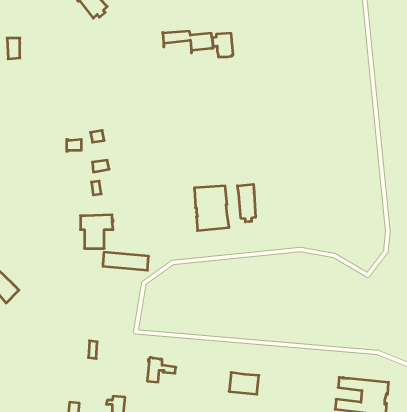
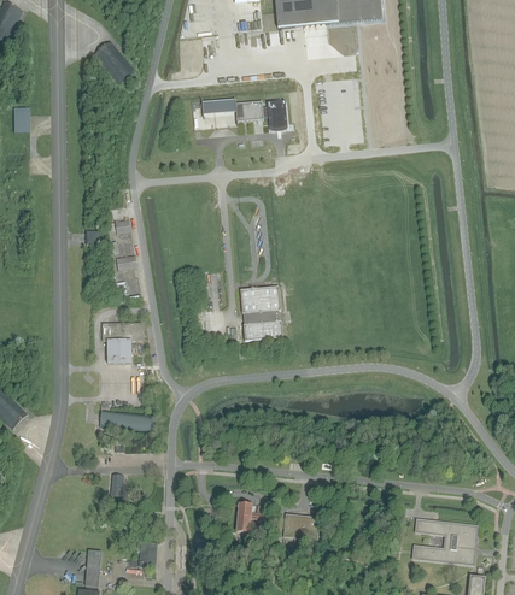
building: [237,184,256,222] -> none
building: [103,252,149,270] -> [100,408,156,430]
building: [147,357,176,382] -> [236,502,271,532]

